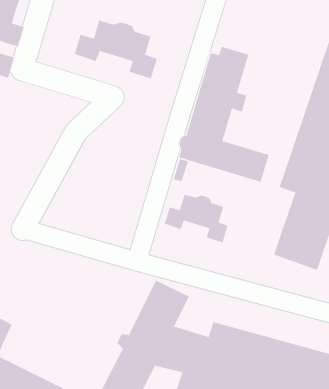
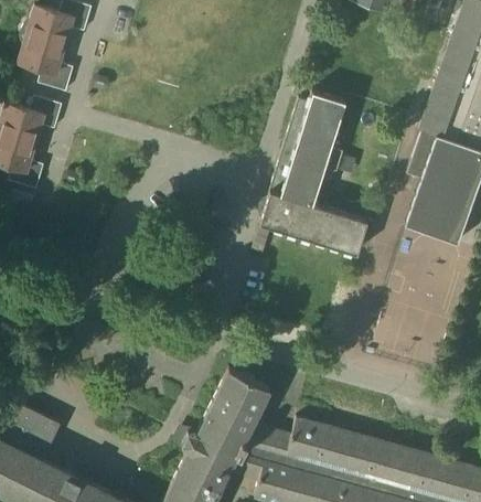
building: [74,20,157,79] -> none
building: [164,194,228,243] -> none

